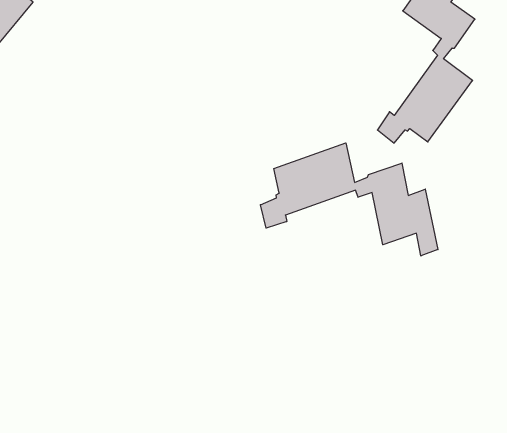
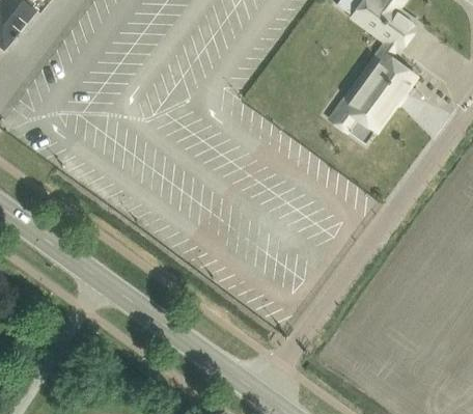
building: [260,143,438,256] -> none

